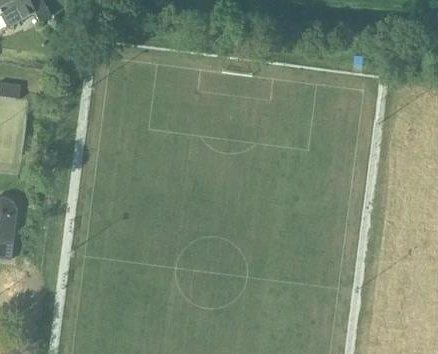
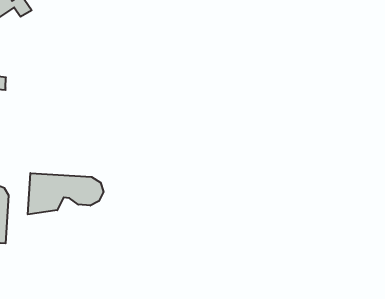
building: none -> [28,173,103,214]

